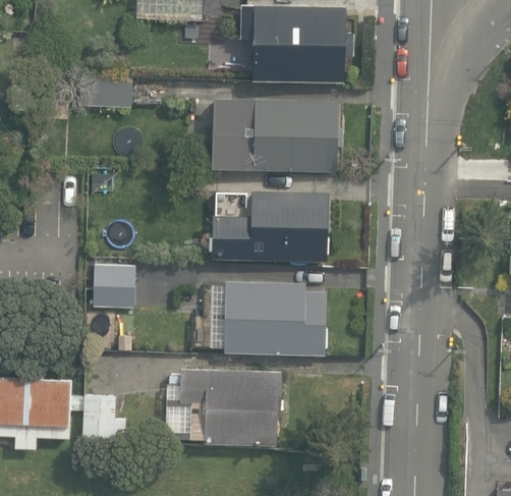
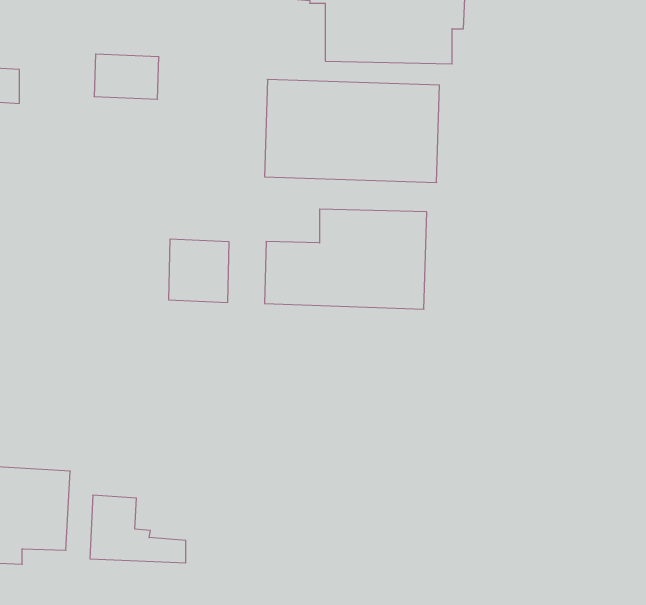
building: [92,262,135,308] -> [169,239,229,302]
building: [224,279,325,350] -> none
building: [167,369,281,444] -> none

